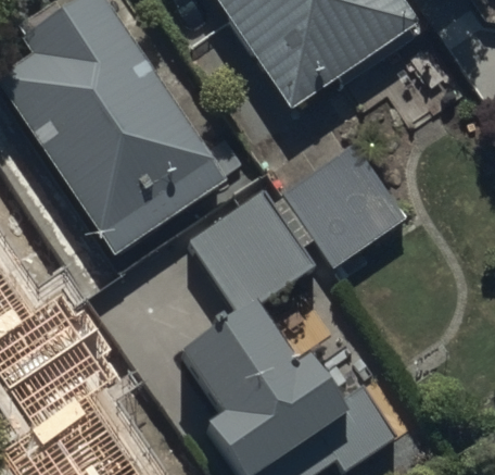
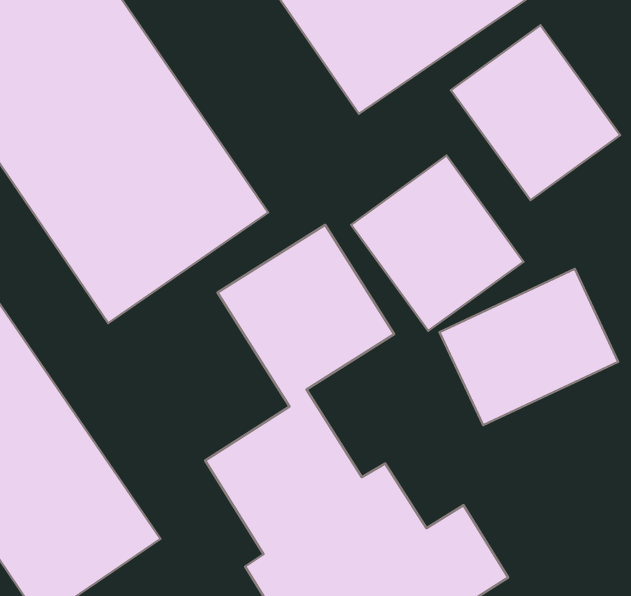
building: none -> [451,25,620,200]
building: none -> [440,269,618,425]

